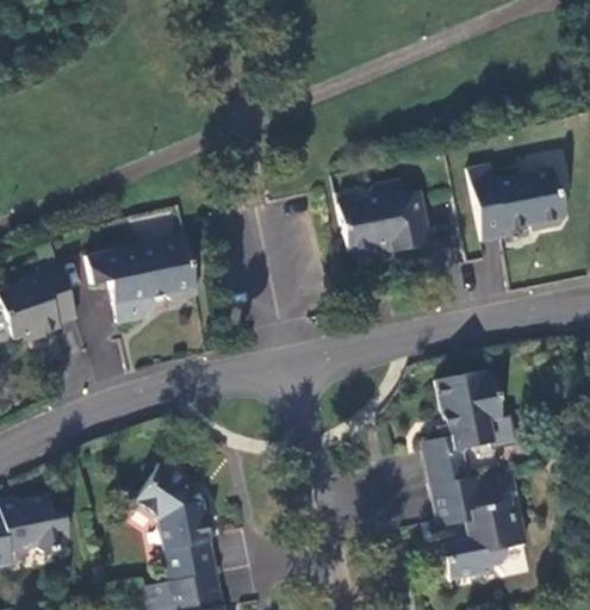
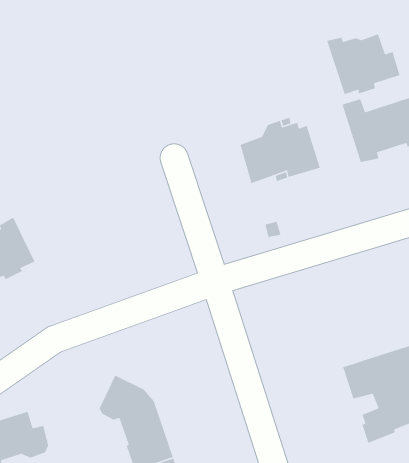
building: none -> [326,33,400,95]
building: [85,231,197,320] -> none
building: [421,369,501,485] -> none

